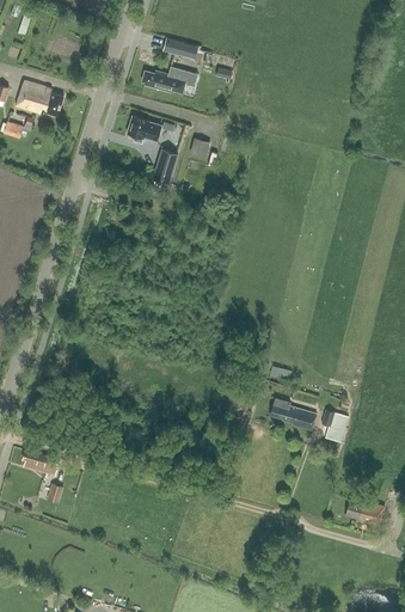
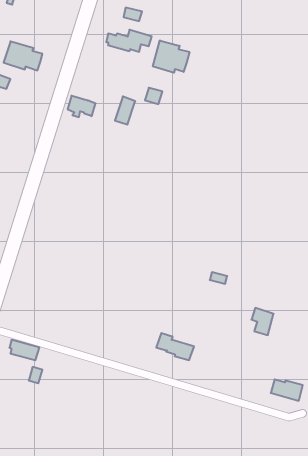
building: none -> [153,40,189,73]
building: [128,116,162,142] -> [68,96,96,117]
building: [270,397,317,430] -> [156,333,194,360]

